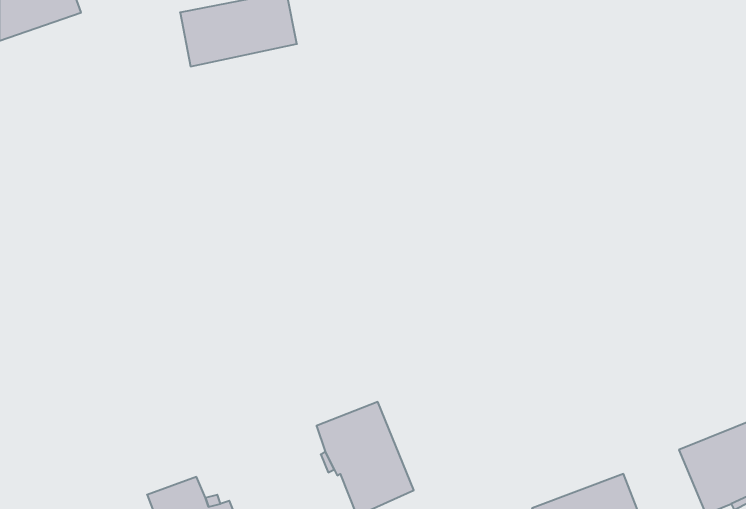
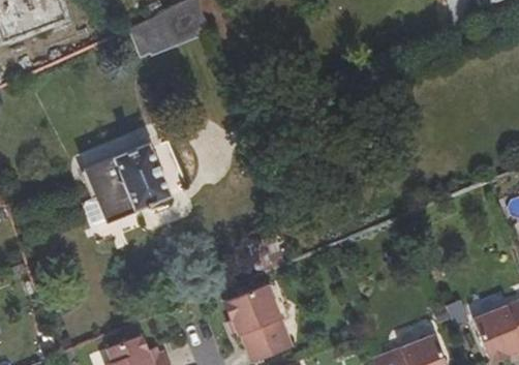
building: none -> [83,140,170,221]

